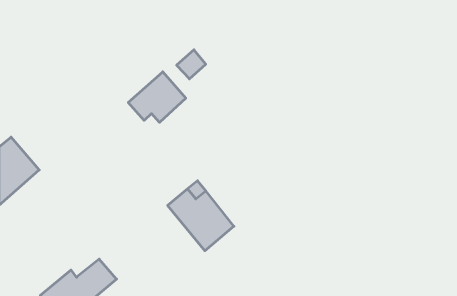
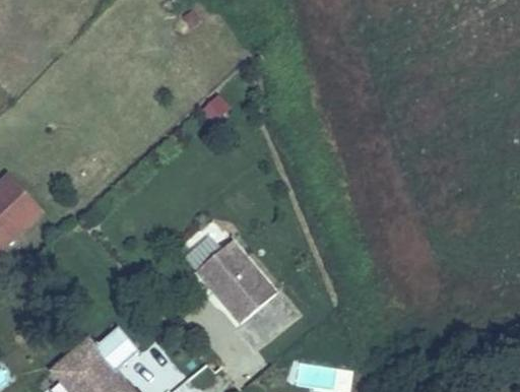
building: [128,72,186,122] -> none

